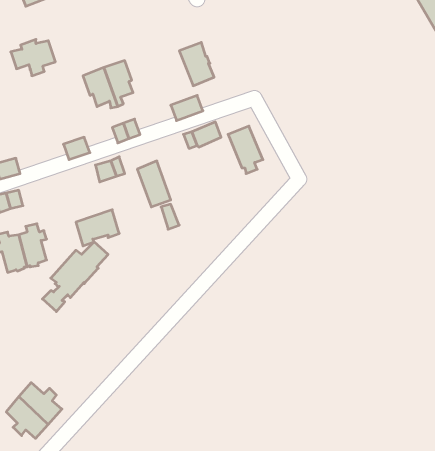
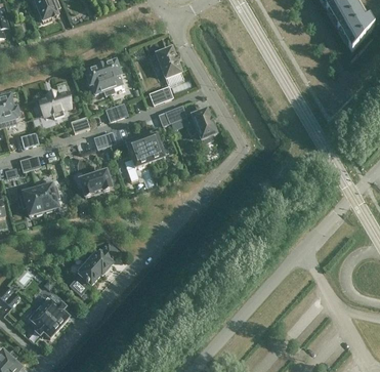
building: [11,39,55,76] -> [38,90,71,117]
building: none -> [138,128,164,162]
building: [42,242,108,312] -> [70,243,118,294]

